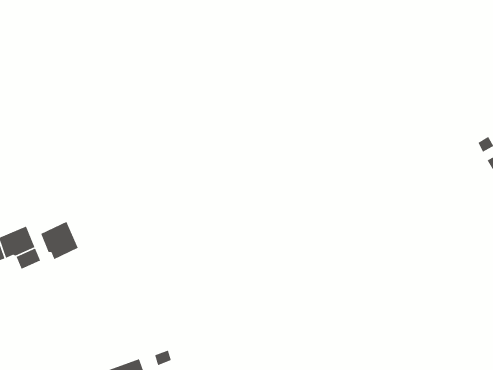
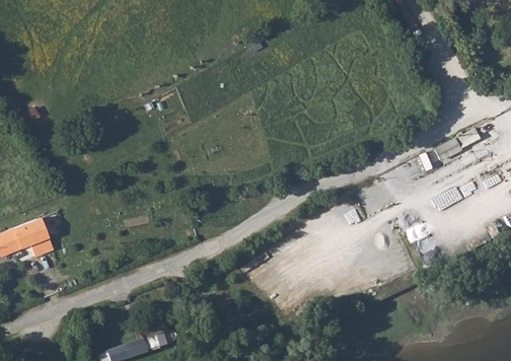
building: [40,221,79,260] -> none

